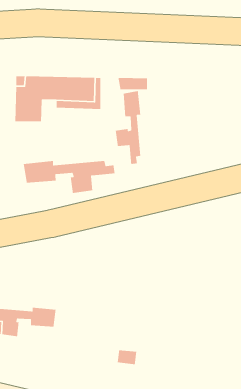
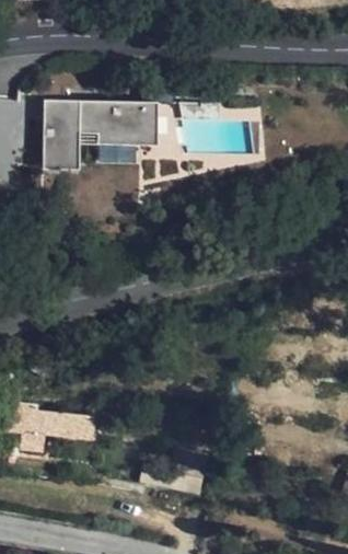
building: [115,90,141,165] -> none
building: [23,160,116,194] -> none

